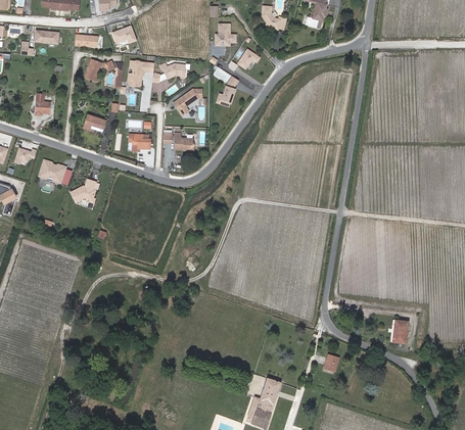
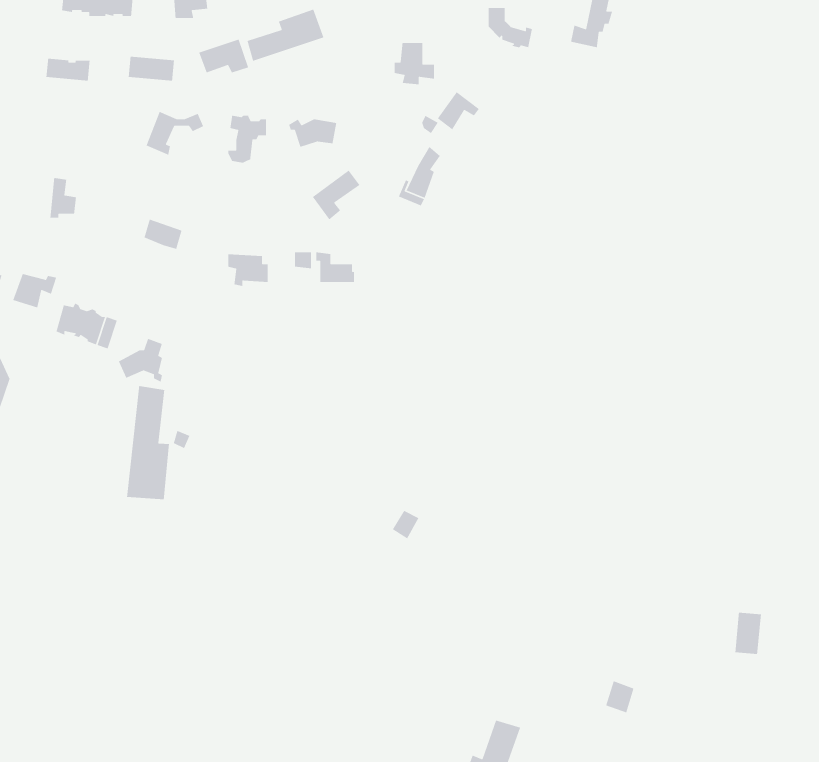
building: none -> [246,8,325,62]
building: none -> [126,385,170,500]

